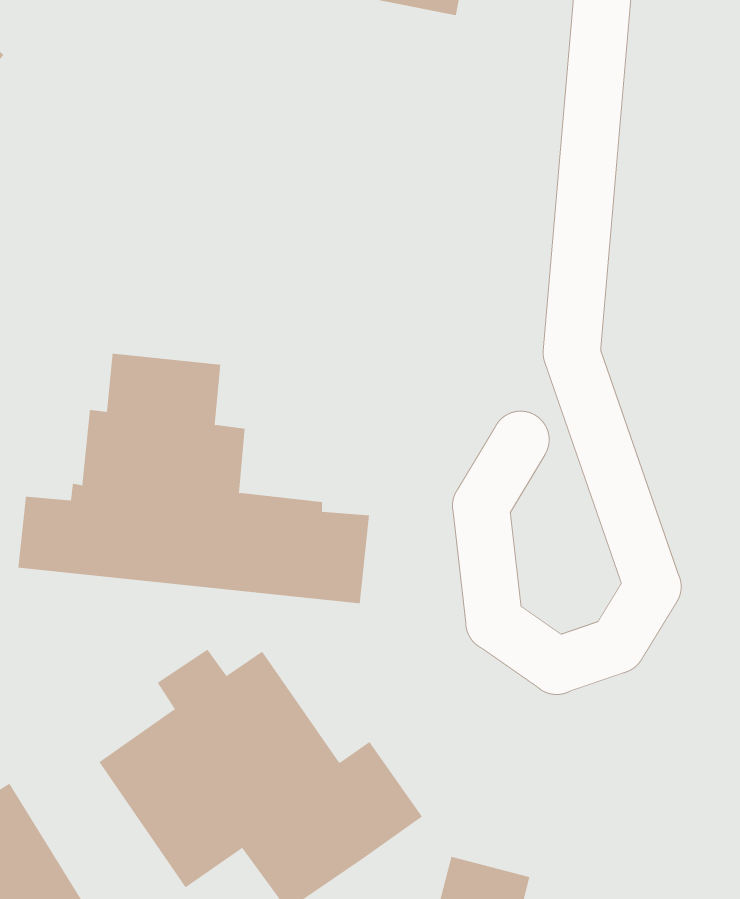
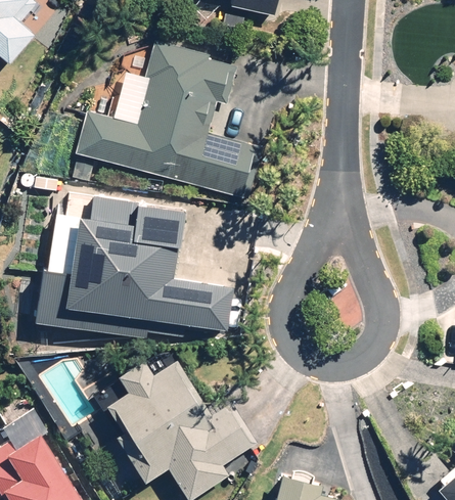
building: none -> [76,42,257,197]

